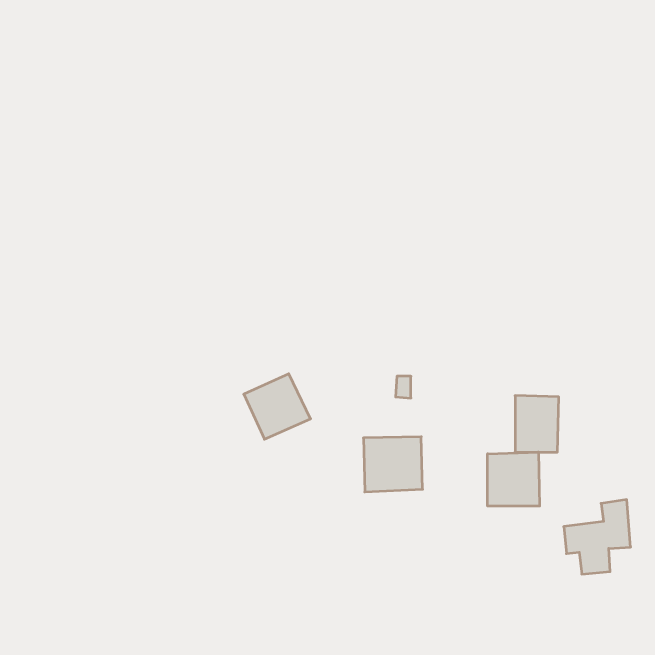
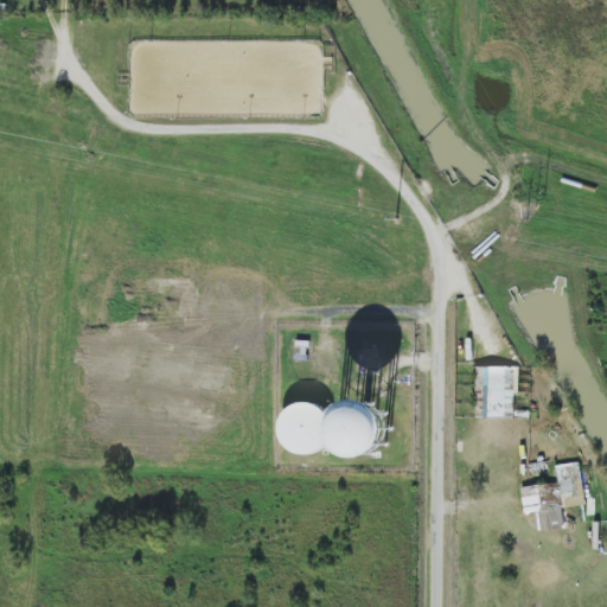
building: [244,374,311,439] -> [275,397,337,458]
building: [488,452,540,506] -> none

